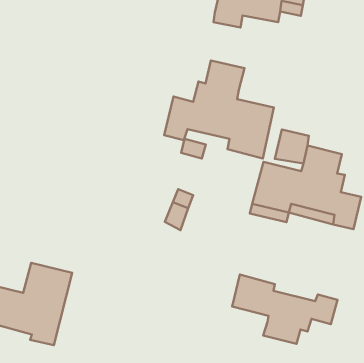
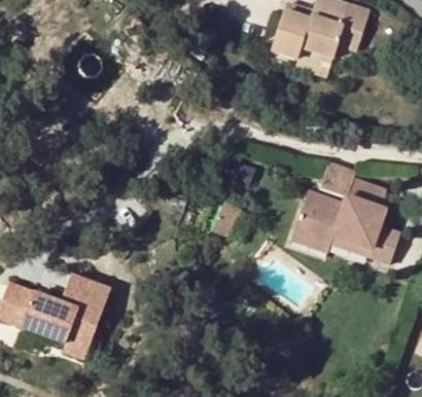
building: [164,60,274,158] -> none
building: [232,275,337,344] -> none

